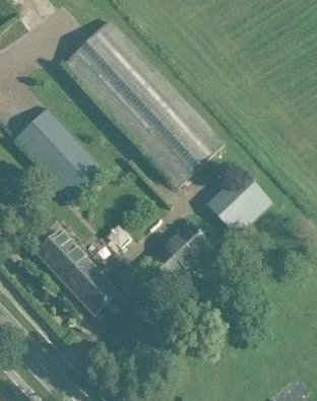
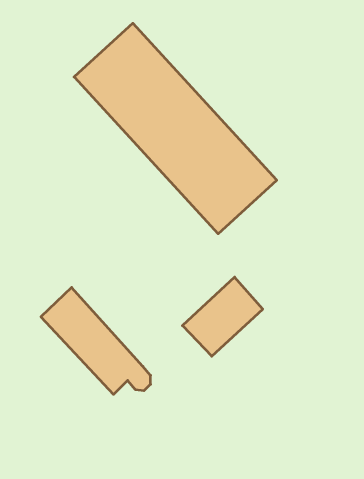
building: [14,107,103,198] -> none
building: [206,171,271,236] -> none

